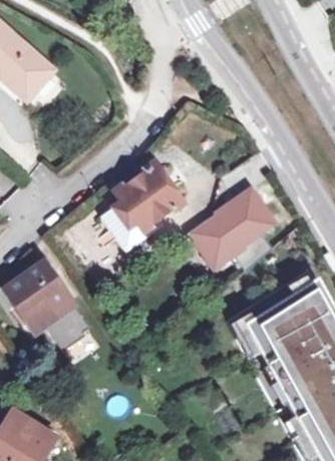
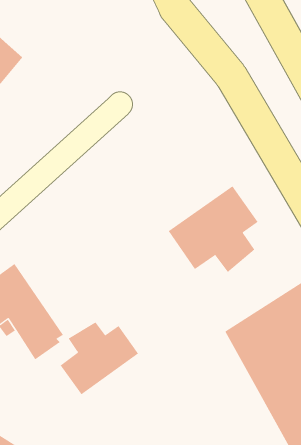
building: [112,162,183,232] -> none
building: none -> [60,321,139,395]

